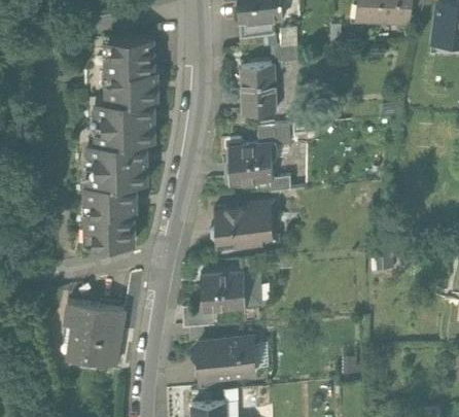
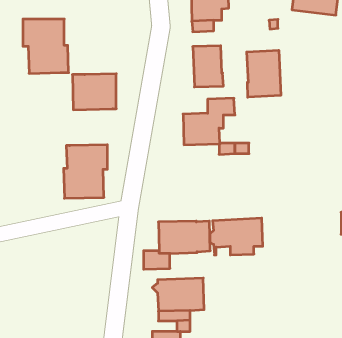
building: [106,35,160,99] -> [23,19,69,73]
building: none -> [247,50,281,97]
building: [95,139,147,182] -> none
building: [210,205,272,248] -> [210,218,263,255]
building: [64,301,123,363] -> none

